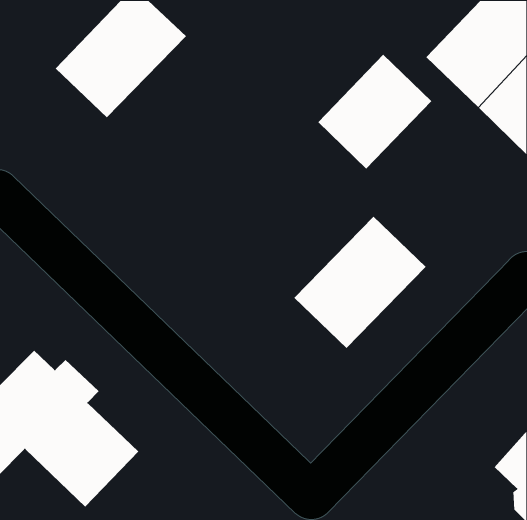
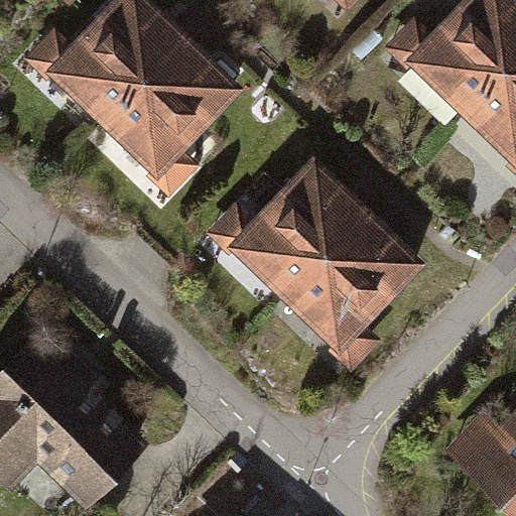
building: none -> [104,45,232,173]
building: [317,54,432,170] -> none
building: none -> [235,171,363,299]

